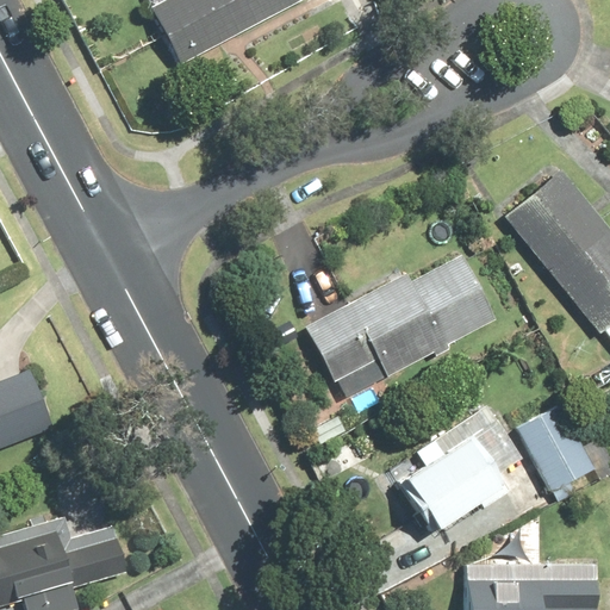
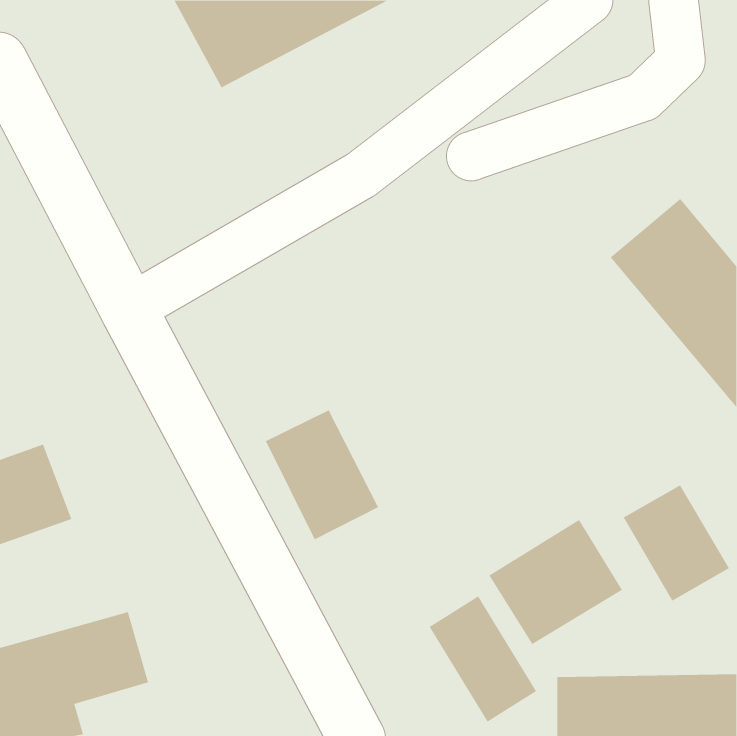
building: [307,243,498,397] -> none
building: none -> [265,410,379,540]
building: none -> [429,595,537,722]

